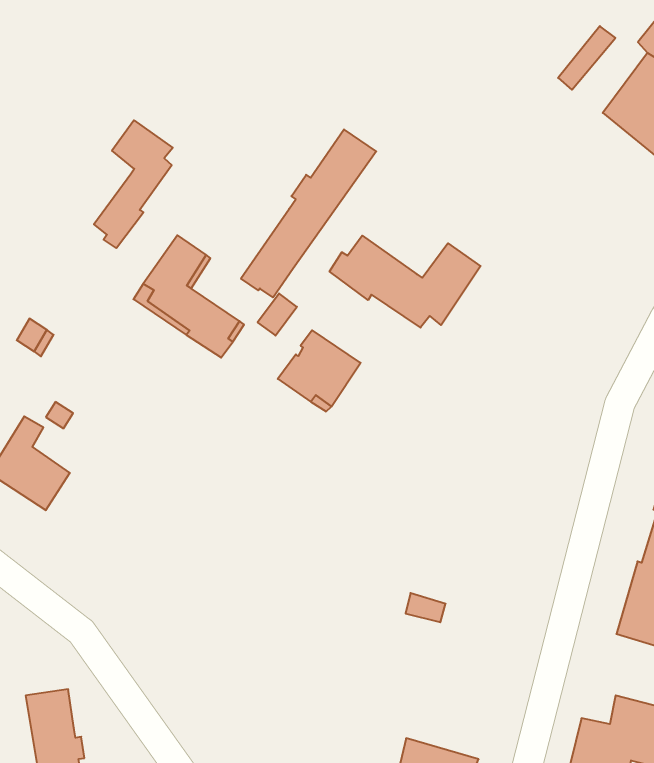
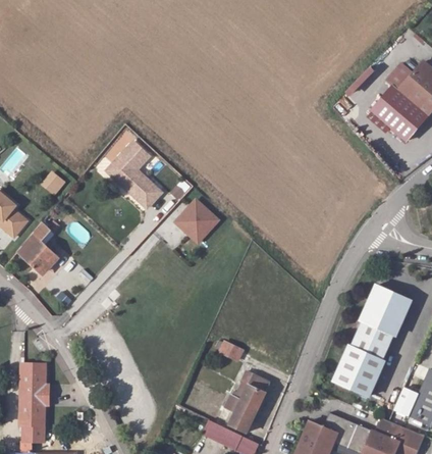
building: [94,120,173,248] -> none
building: [241,129,376,297] -> none
building: [330,236,481,328] -> none
building: none -> [225,368,269,428]

